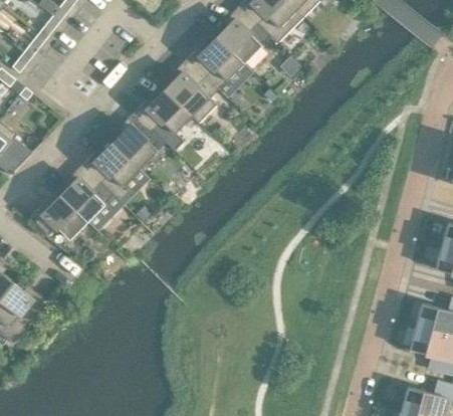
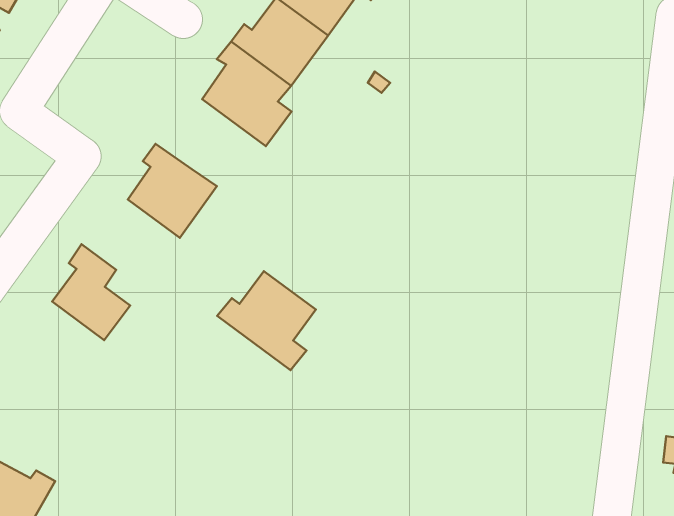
building: [134,89,198,134] -> none
building: [81,142,140,202] -> [217,271,316,370]
building: [29,195,86,239] -> none

